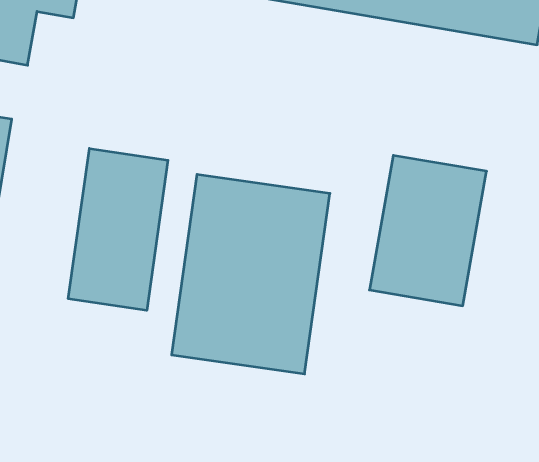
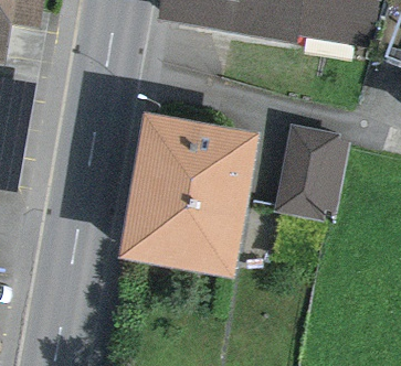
building: [68,148,168,310] -> none

